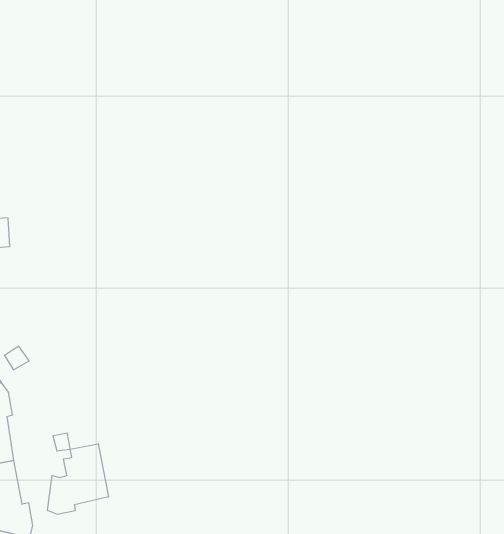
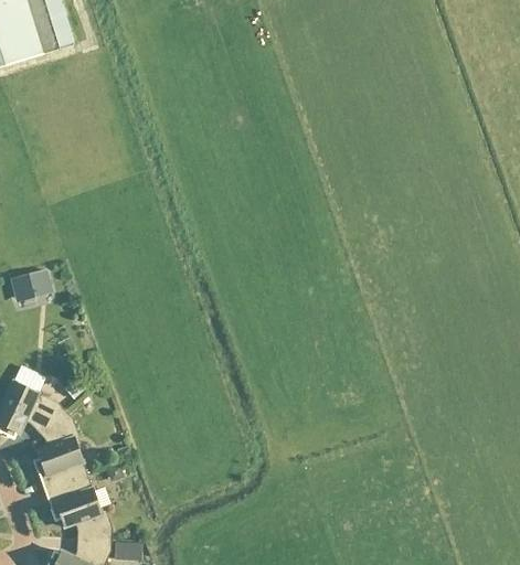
building: [48,444,108,514] -> none

